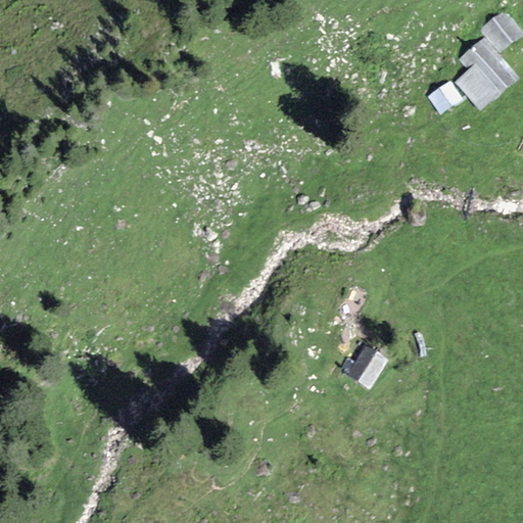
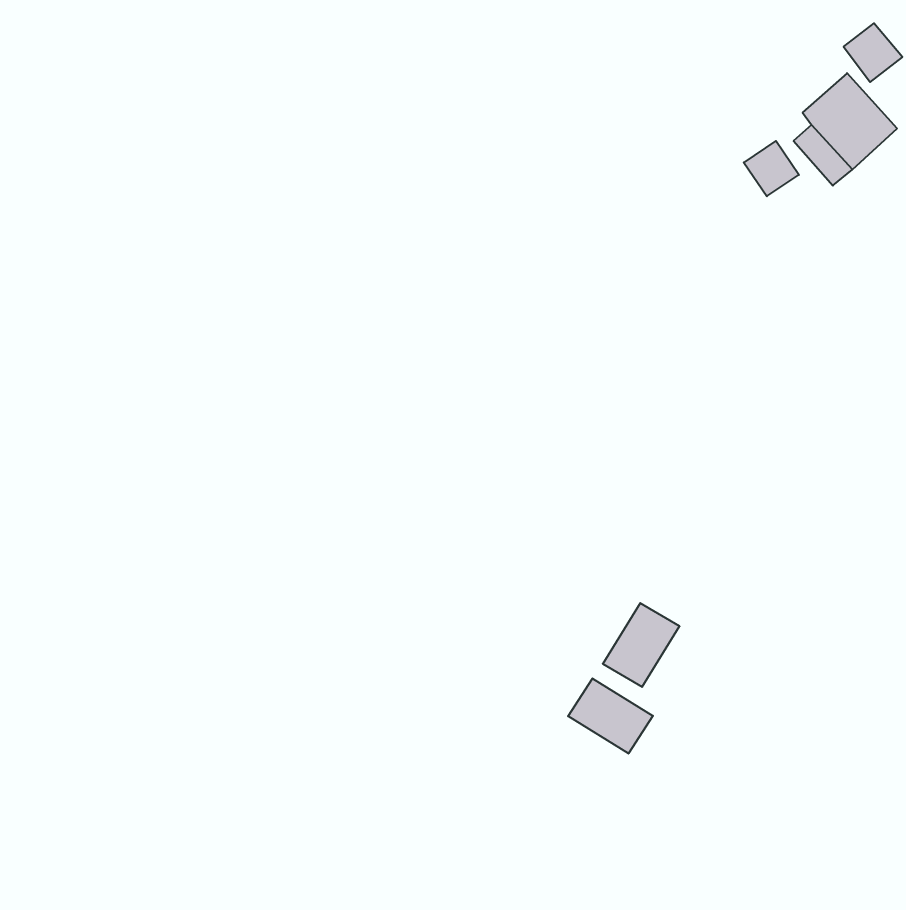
building: none -> [568,678,653,754]

